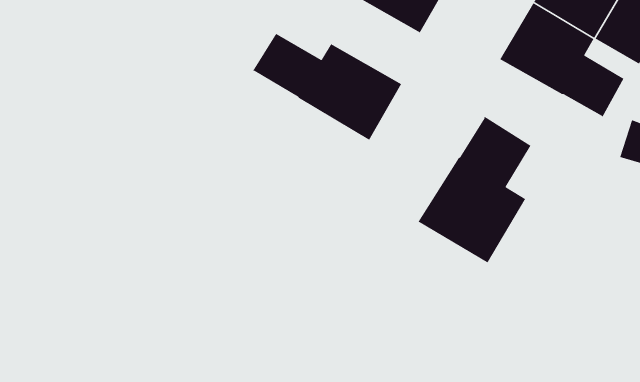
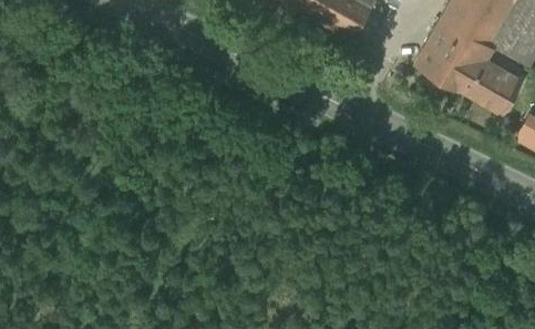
building: [252,33,402,141] -> none
building: [418,116,531,264] -> none

